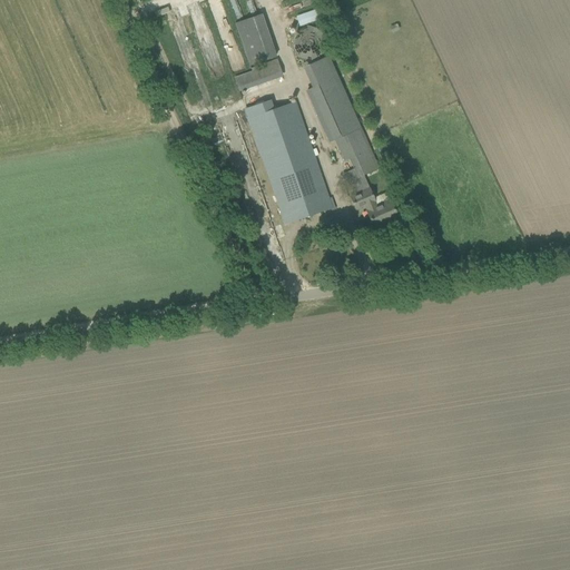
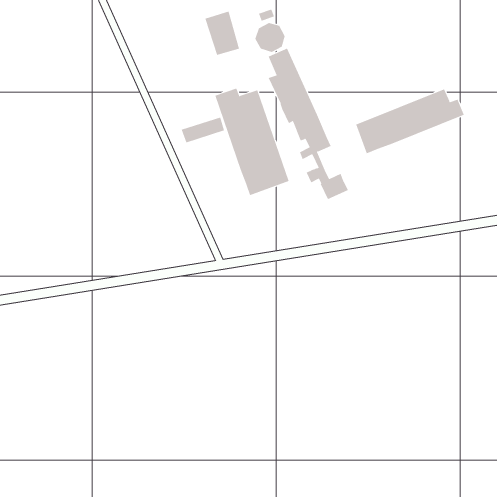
building: [233,60,283,90] -> [181,117,225,143]
building: none -> [356,88,464,154]

